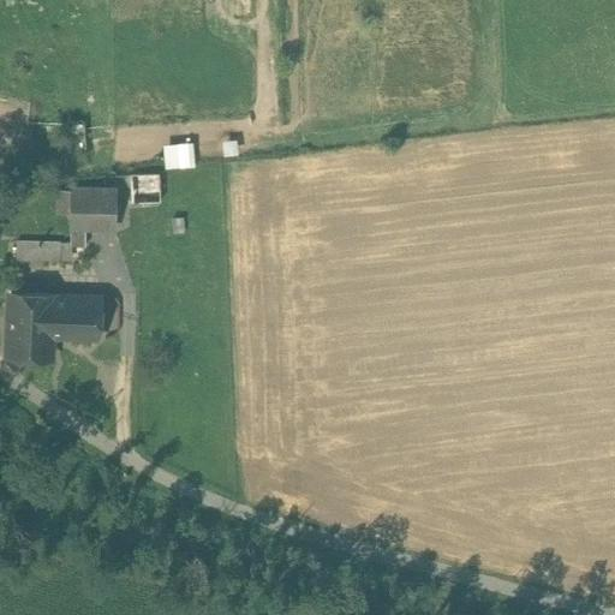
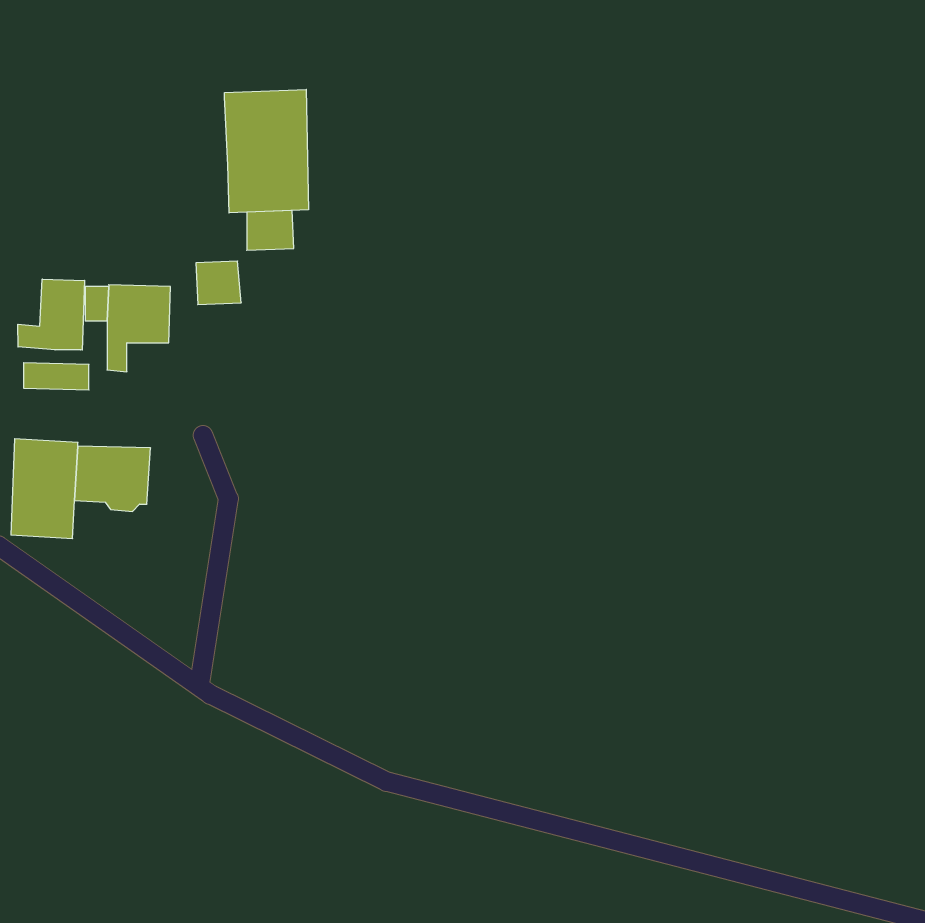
building: none -> [224,89,308,213]
building: none -> [18,279,85,350]

